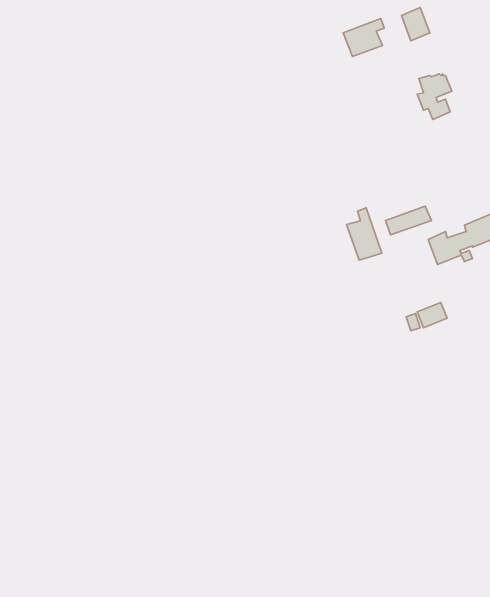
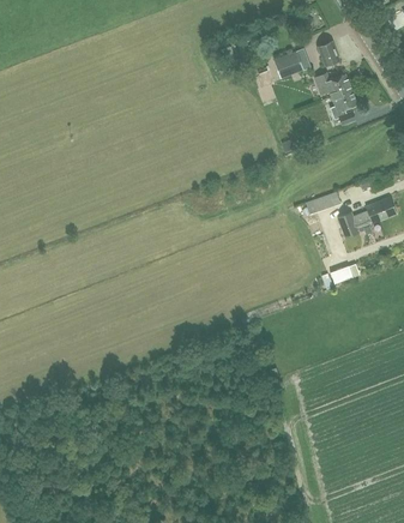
building: none -> [316,72,352,94]
building: [346,208,382,260] -> none

